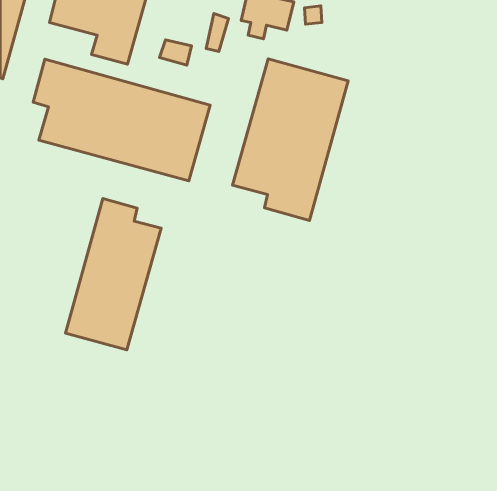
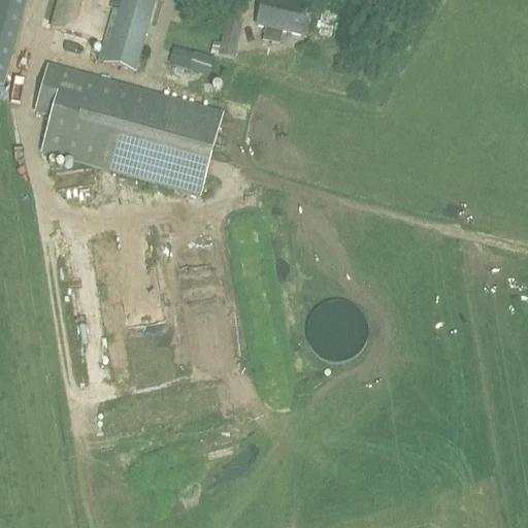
building: [233,59,348,220] -> none
building: [66,198,161,350] -> none

